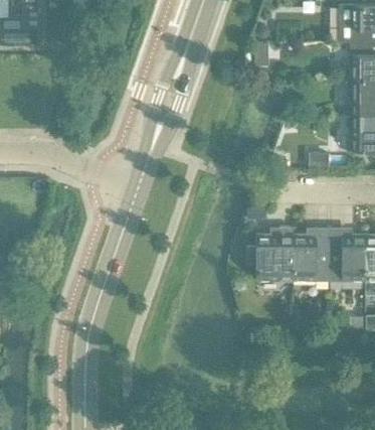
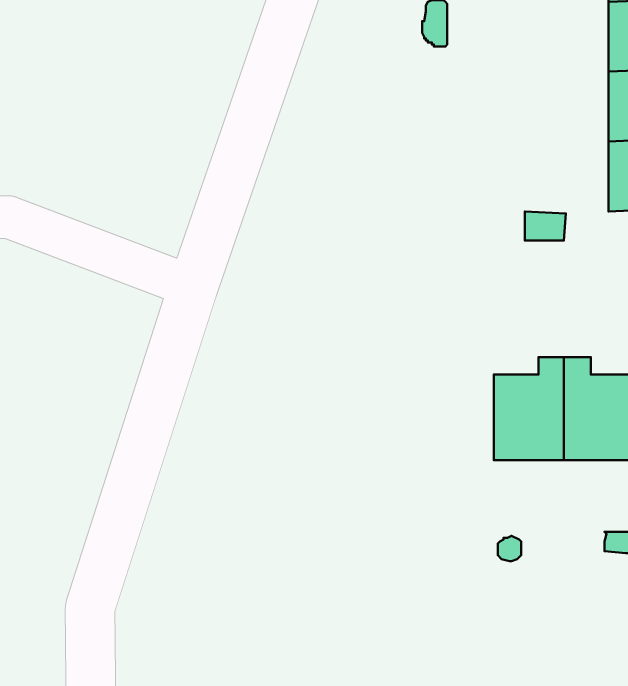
building: [255,226,292,279] -> none

